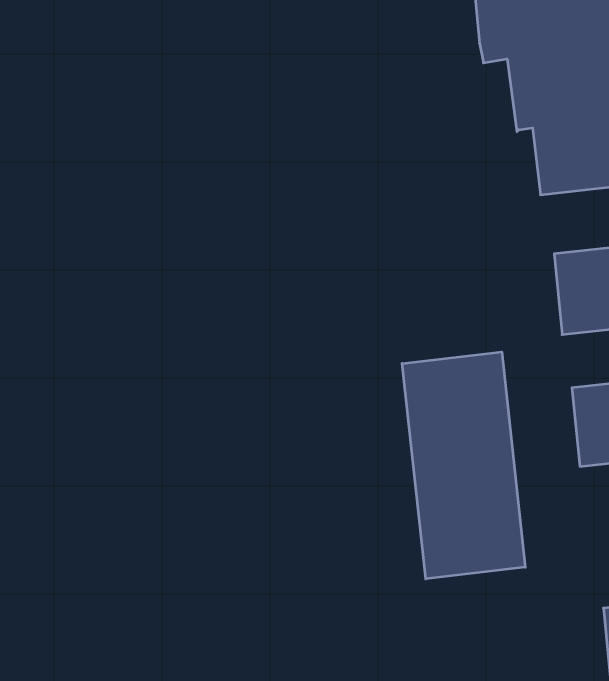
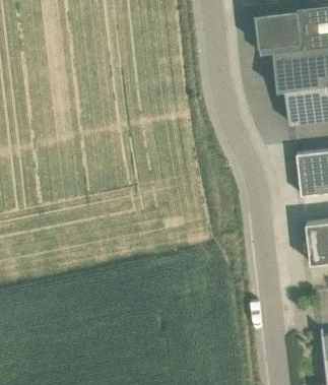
building: [402,352,525,579] -> none

